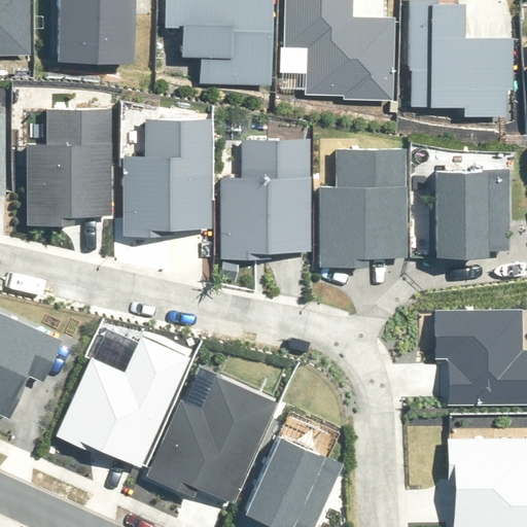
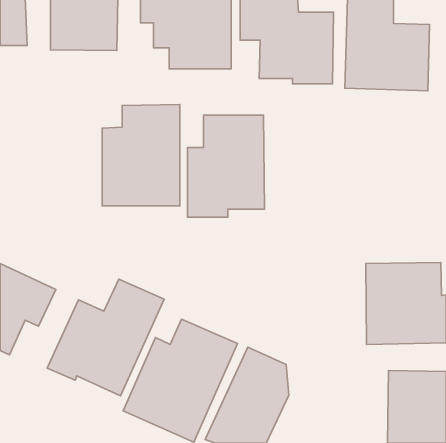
building: [26,110,111,220] -> none
building: [319,151,410,269] -> none
building: [440,169,512,265] -> none

